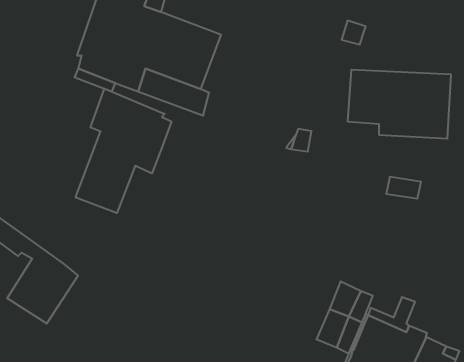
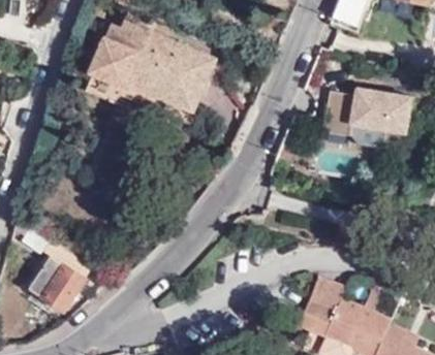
building: [76,89,171,213] -> none

